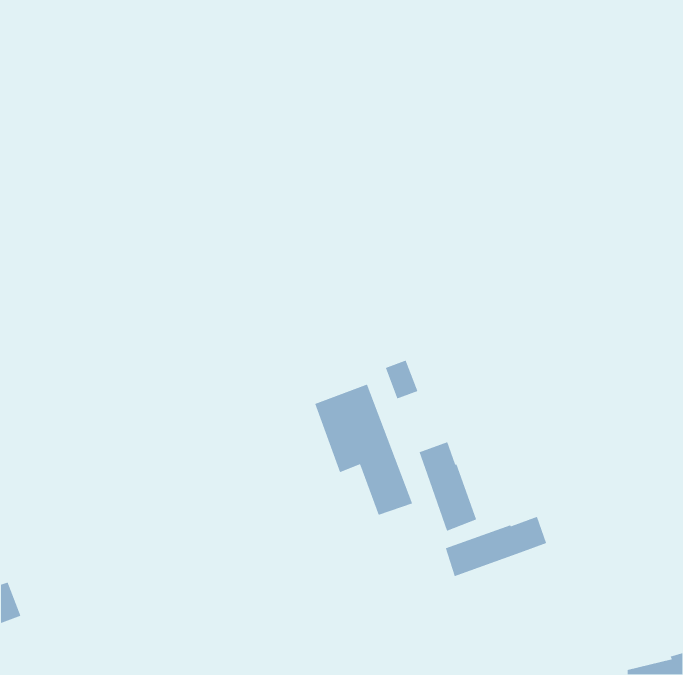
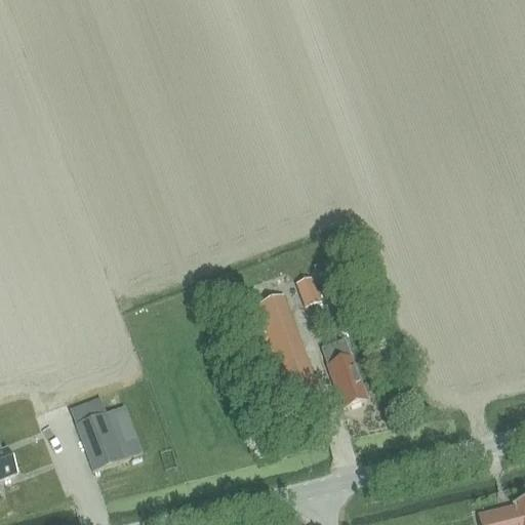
building: none -> [71,395,143,469]
building: [445,516,547,577] -> none

